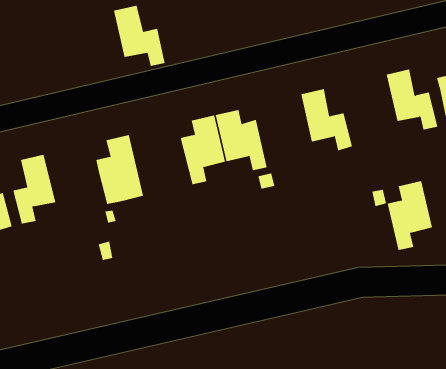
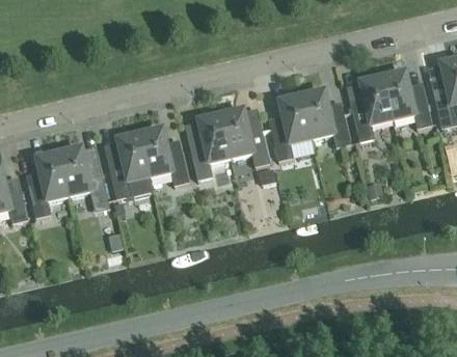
building: [113,5,166,66] -> [138,126,188,184]
building: none -> [270,92,311,160]
building: none -> [57,144,107,203]
building: [387,181,433,251] -> [348,74,392,140]

